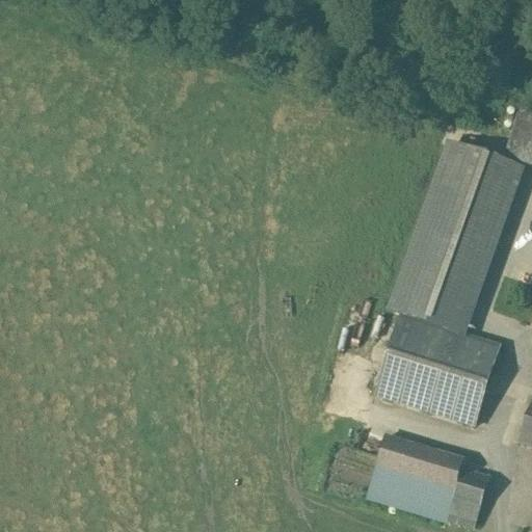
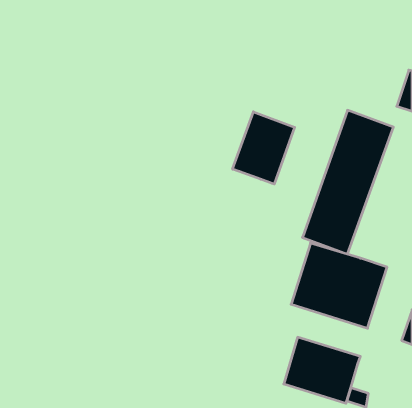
building: none -> [233,112,295,184]
building: [448,164,523,334] -> none
building: [452,470,487,509] -> none

